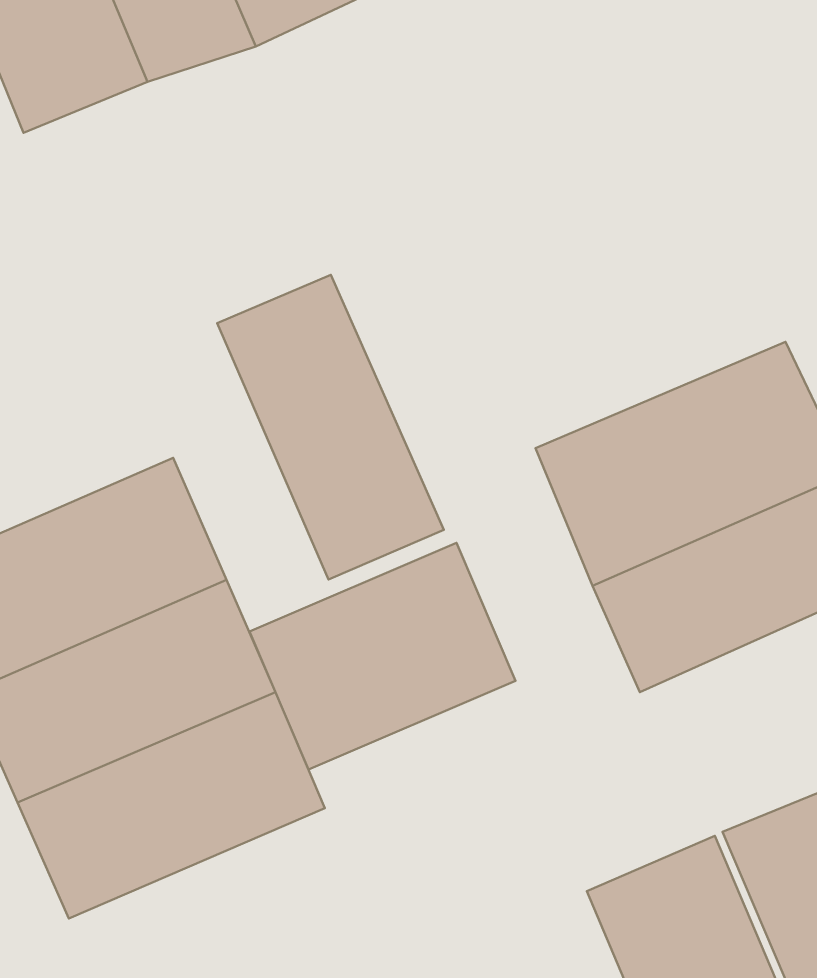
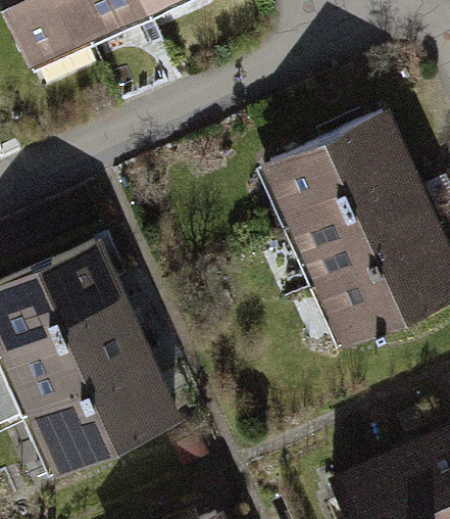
building: none -> [258,107,419,237]
building: [217,275,444,580] -> none
building: [250,543,516,769] -> none

